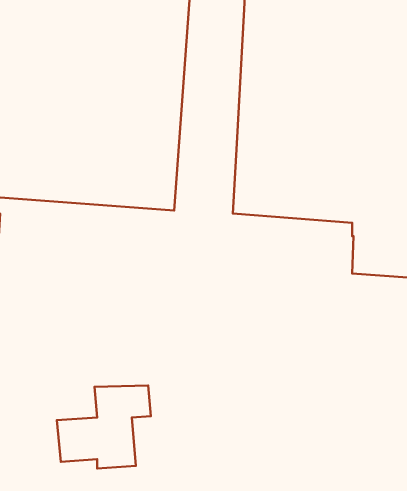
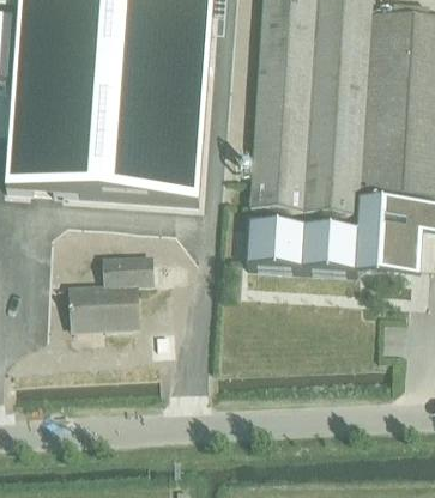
building: none -> [247,217,358,269]
building: [57,385,151,468] -> [68,253,152,327]

